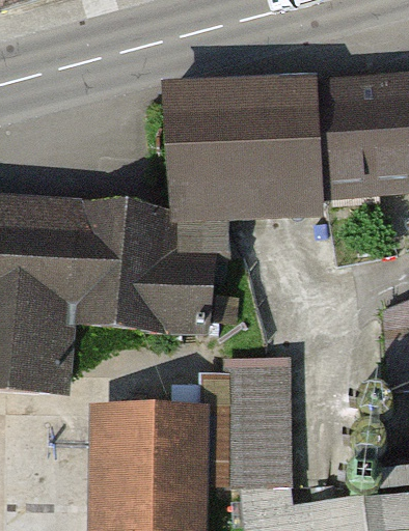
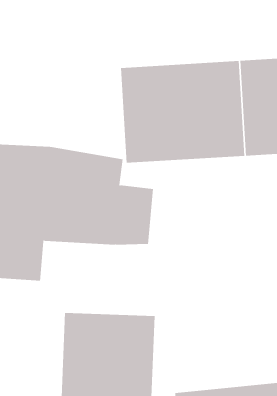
building: [231,352,291,487] -> none

